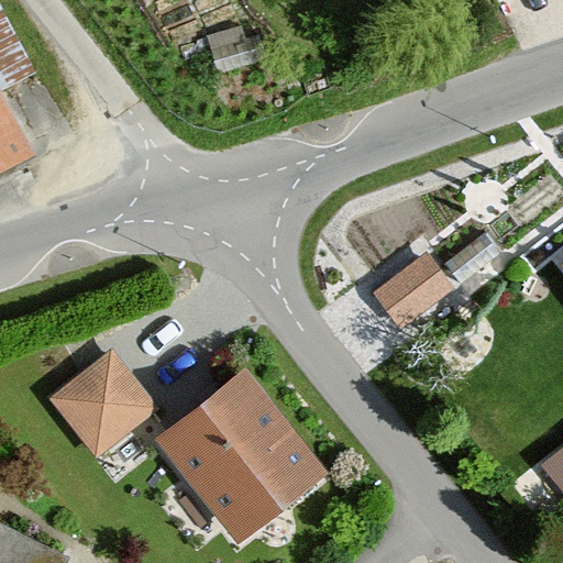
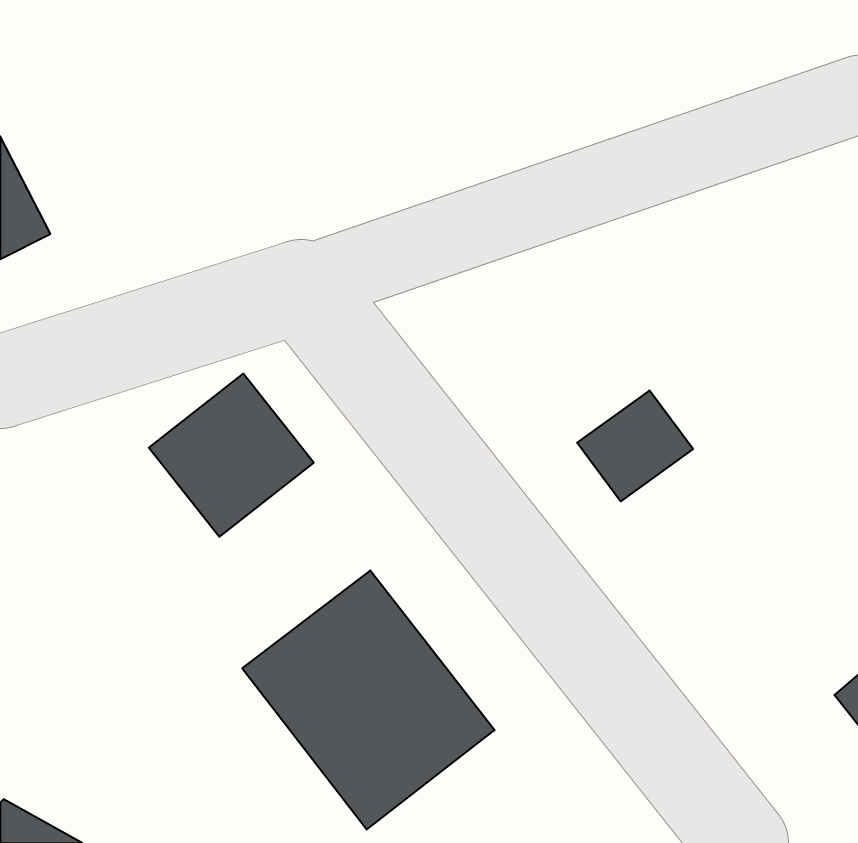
building: [45,350,153,456] -> [149,374,314,537]

